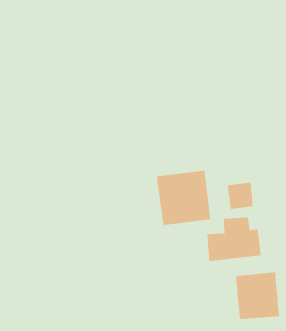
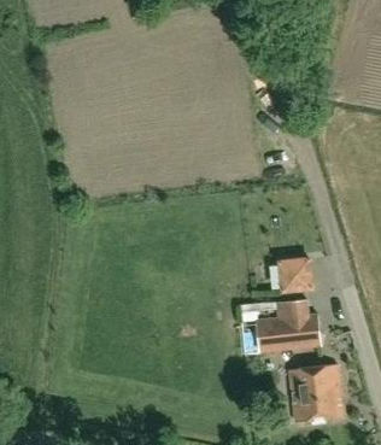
building: [156,170,211,226] -> none

